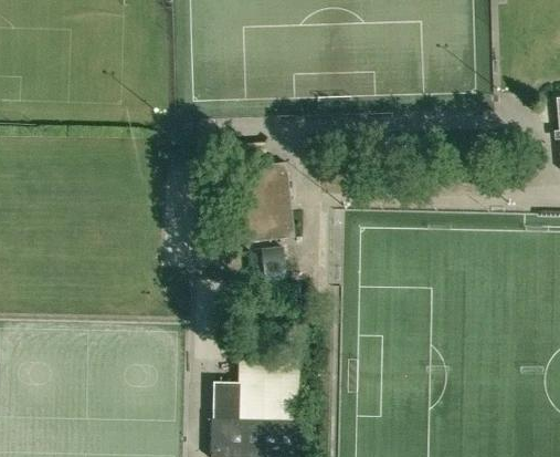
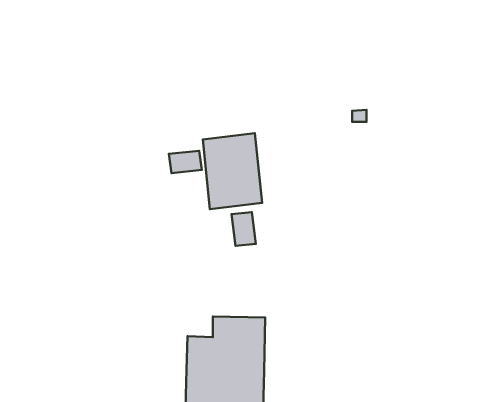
building: none -> [169,151,202,173]

